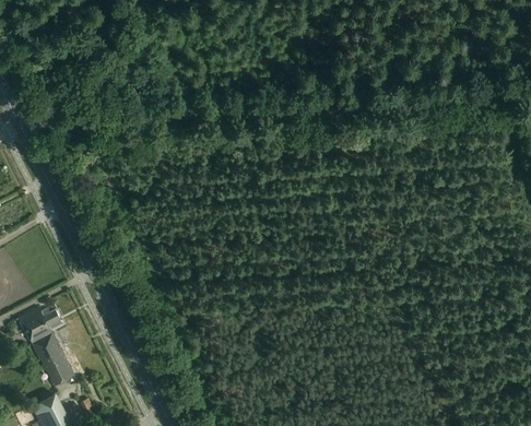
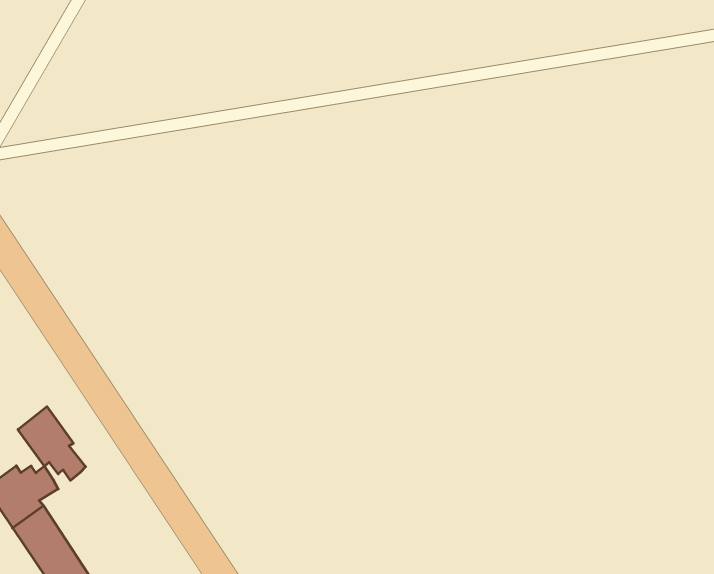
building: none -> [18,407,86,480]

